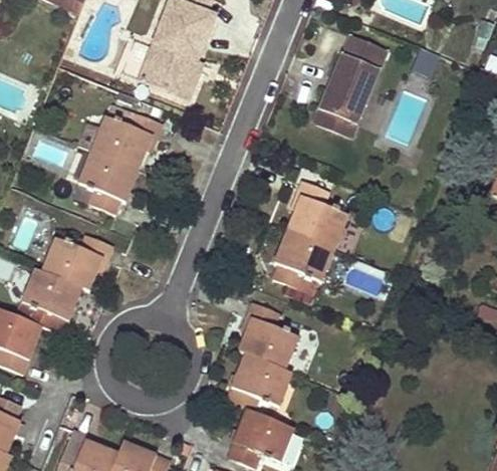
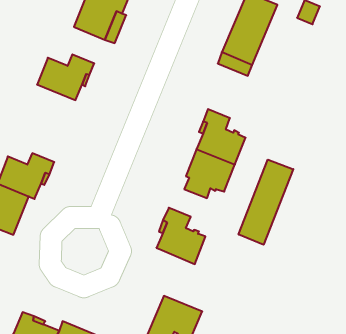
building: [78,150,139,214] -> none
building: none -> [239,160,293,245]
building: [226,354,291,412] -> none

